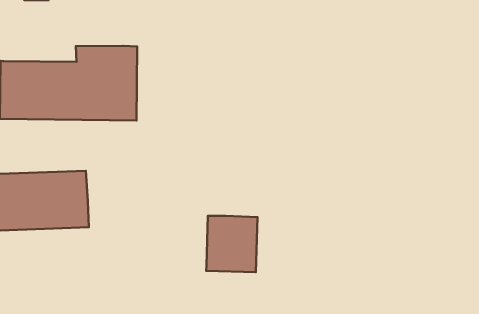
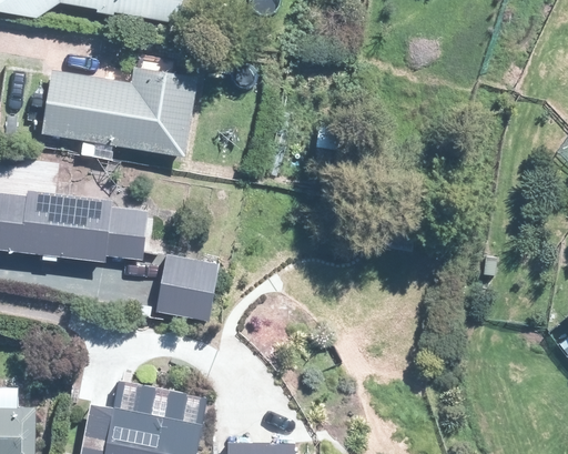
building: none -> [116,206,155,259]
building: [206,216,257,272] -> [156,254,220,322]

